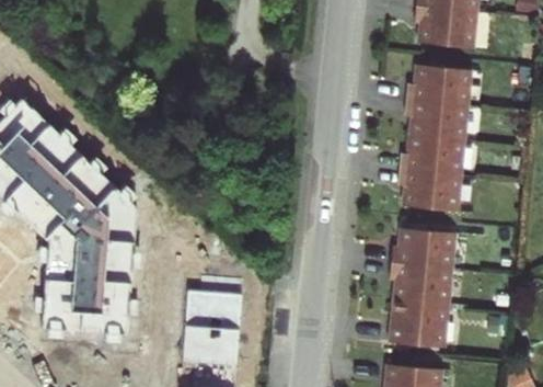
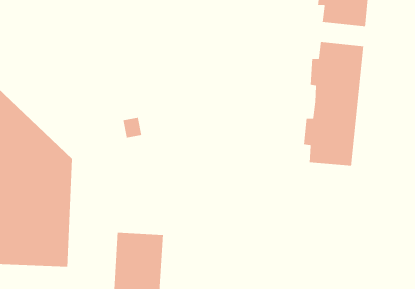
building: [390,227,455,346] -> none

